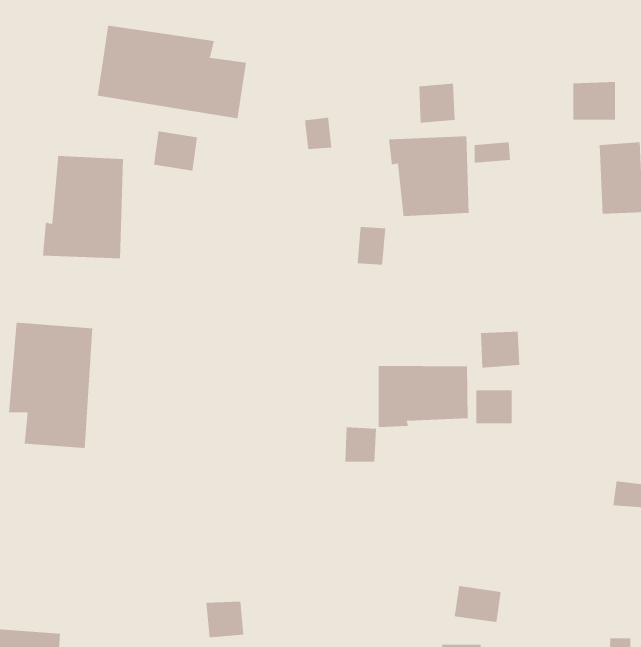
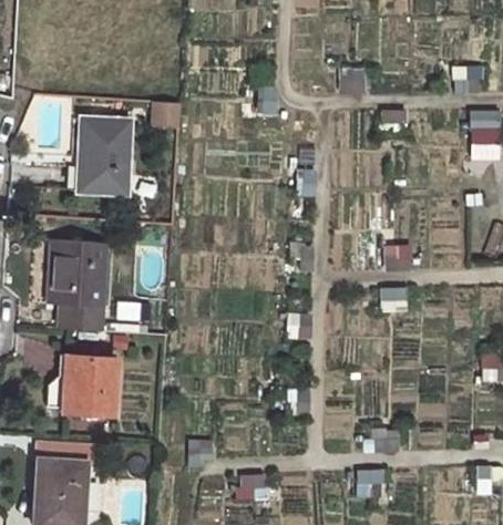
building: [97,25,247,119] -> none
building: [389,136,469,217] -> none
building: [378,365,468,428] -> none
building: none -> [48,354,116,414]

